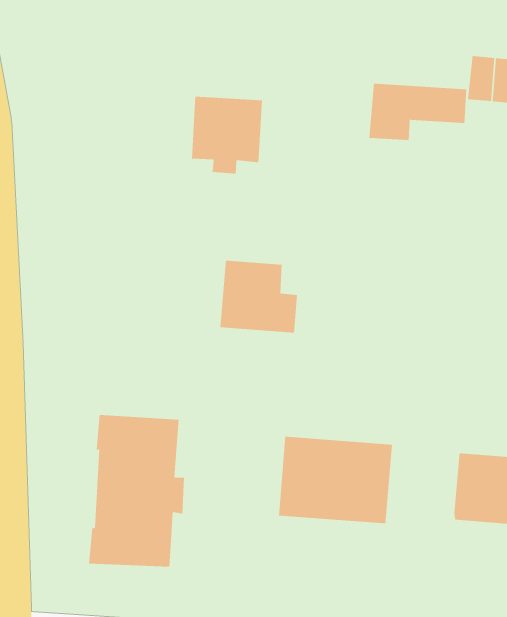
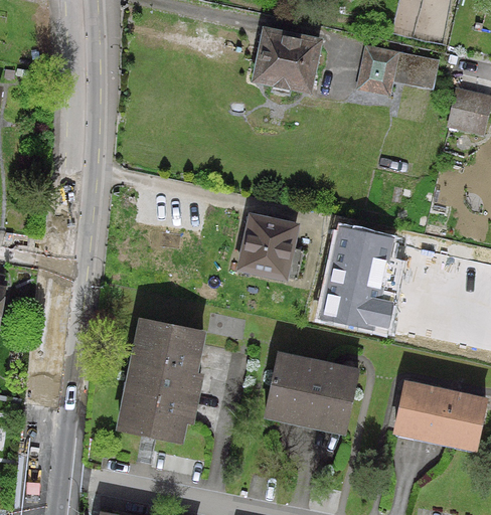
building: [368,83,467,141] -> [357,46,436,93]
building: [191,96,263,174] -> [257,31,316,94]
building: none -> [322,224,401,324]

